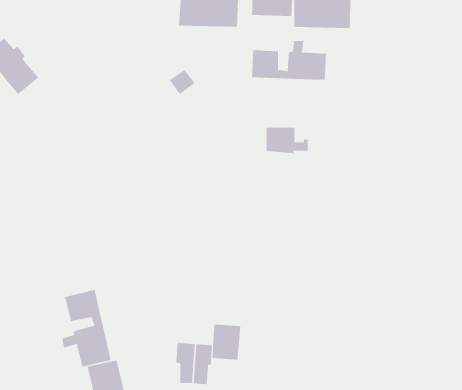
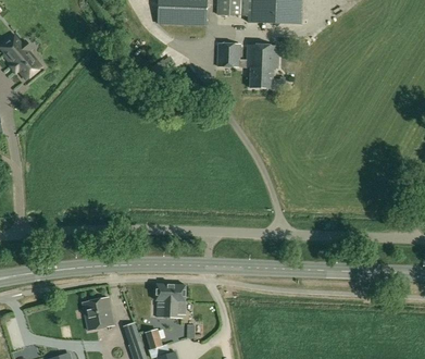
building: [266,127,308,154] -> [249,67,284,89]
building: [62,289,111,367] -> none
building: [212,324,241,361] -> none

